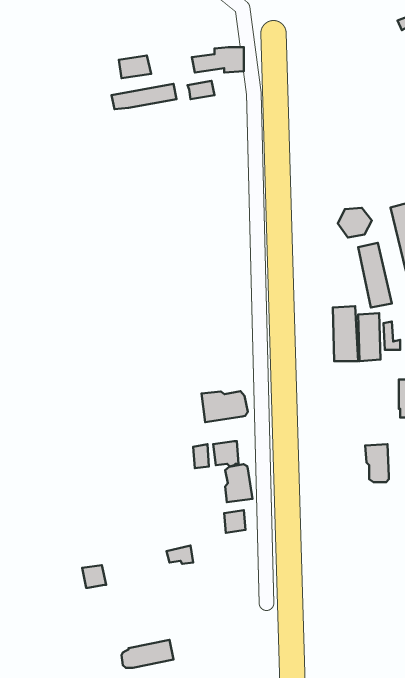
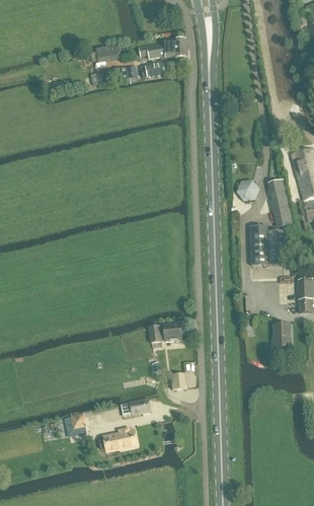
building: [338,208,372,237] -> [235,178,259,200]
building: [201,391,248,422] -> none
building: [225,464,252,502] -> none
building: [121,640,174,668] -> [98,428,136,448]

